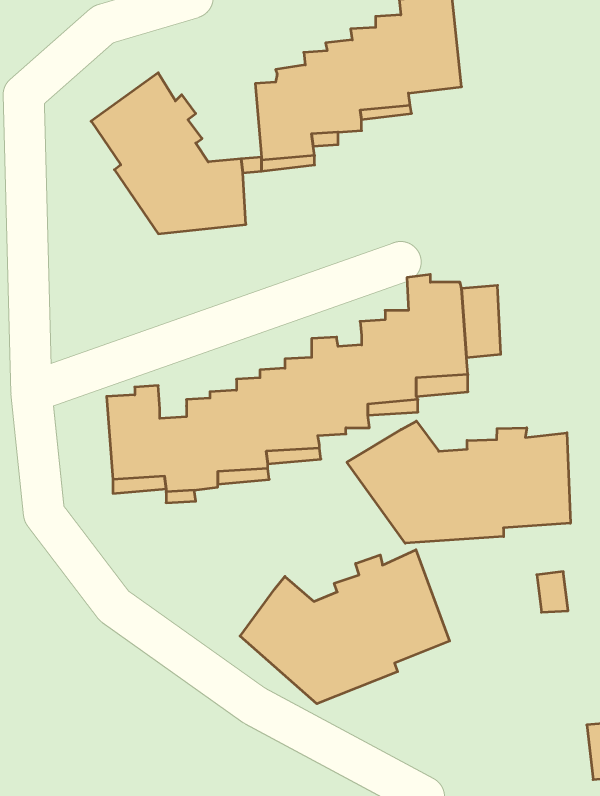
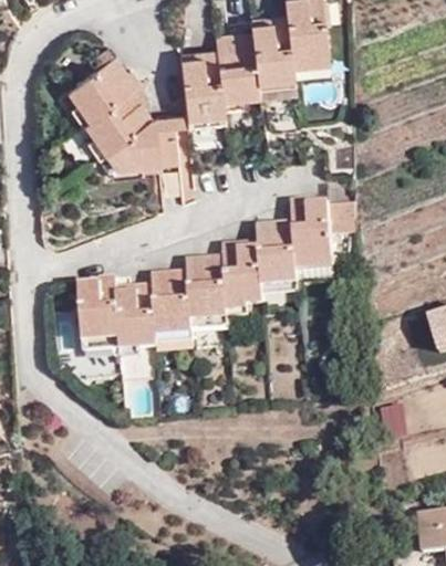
building: [347,421,570,543] -> none
building: [240,550,450,704] -> none

